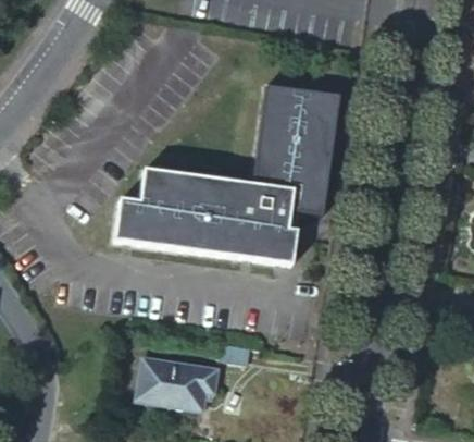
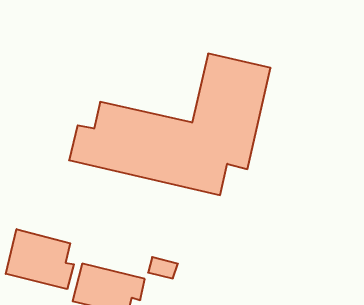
building: none -> [6,229,74,289]

